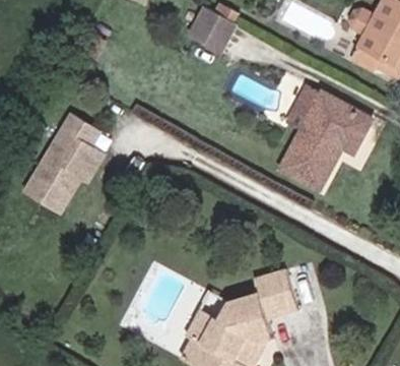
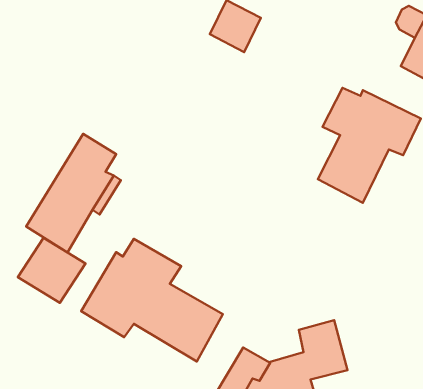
building: none -> [18,238,85,303]
building: none -> [81,239,223,362]

